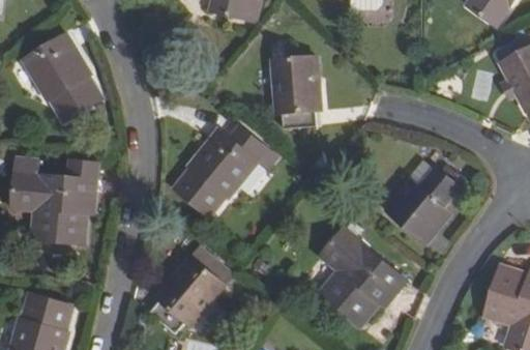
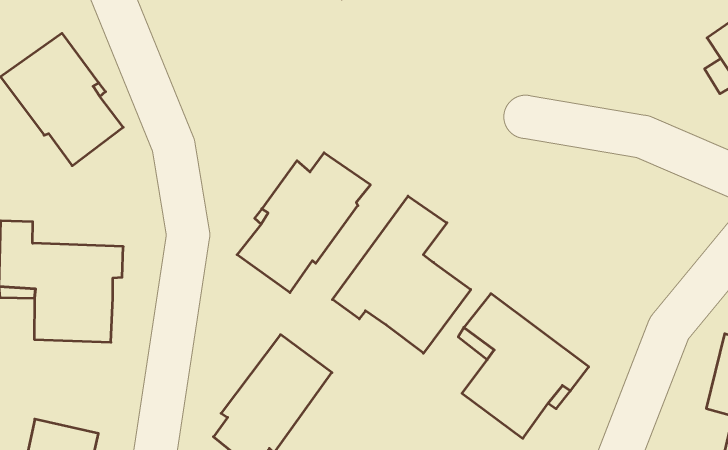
building: [271,42,322,127] -> none
building: none -> [332,196,471,353]
building: [386,166,461,243] -> none

